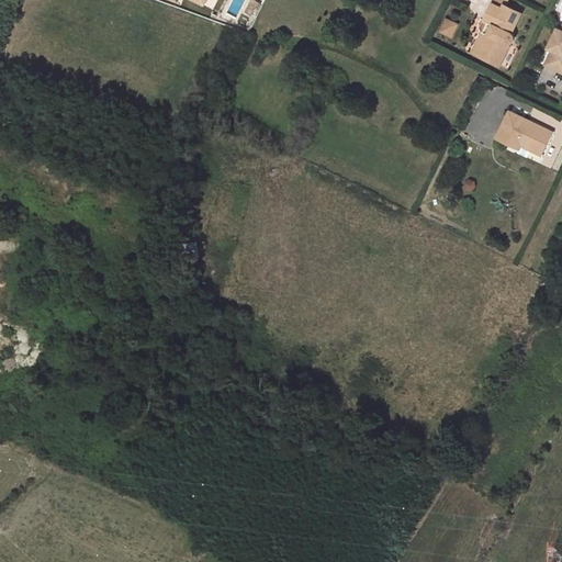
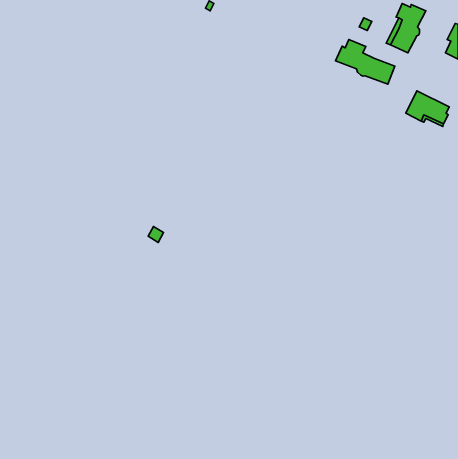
building: none -> [336,39,395,84]

